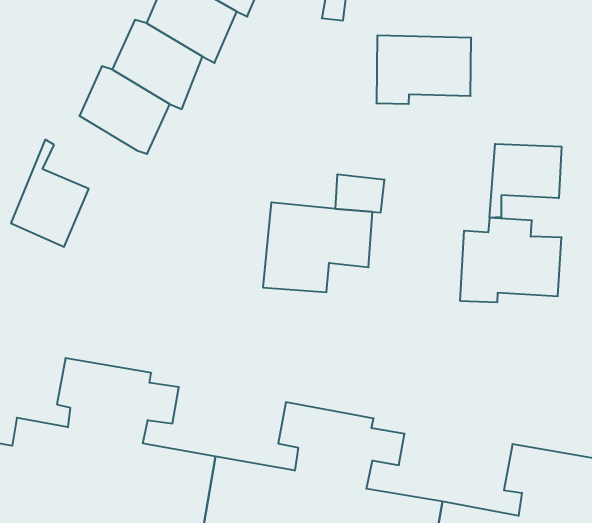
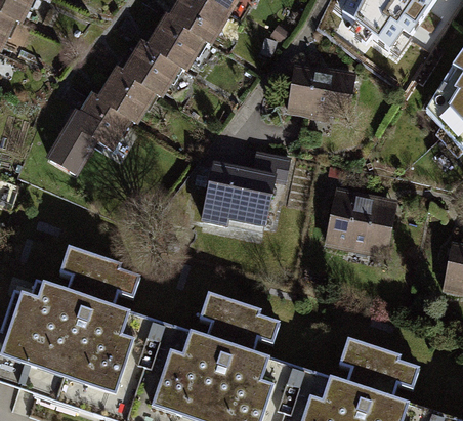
building: none -> [72,89,133,149]
building: [490,144,562,218] -> none

